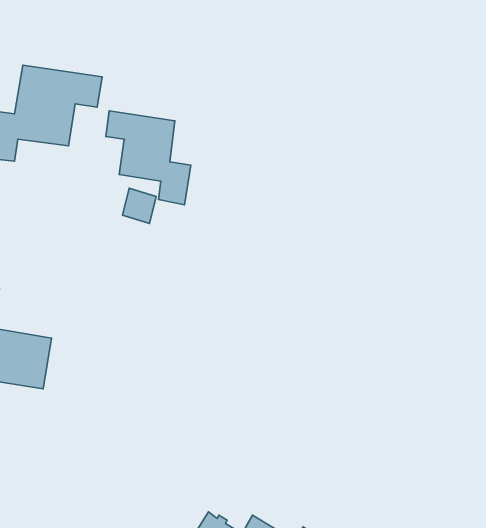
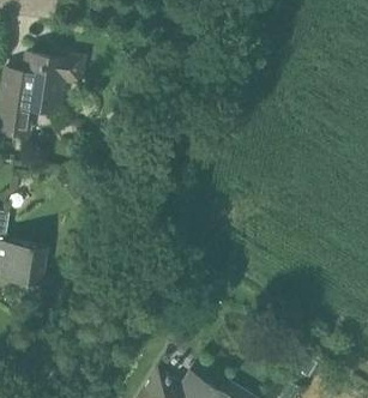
building: [106,111,191,205] -> none

